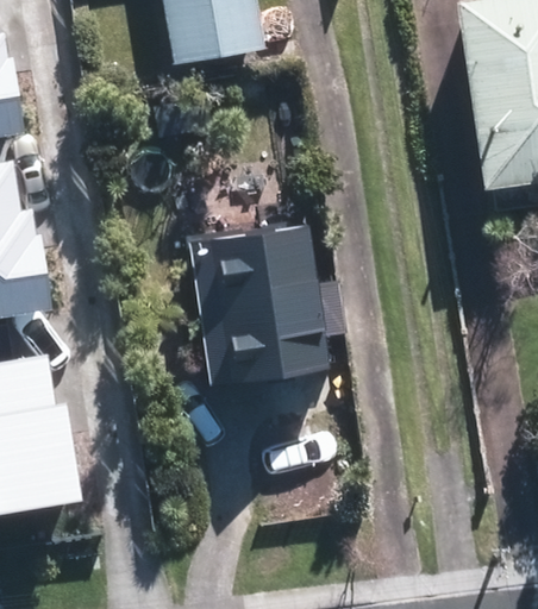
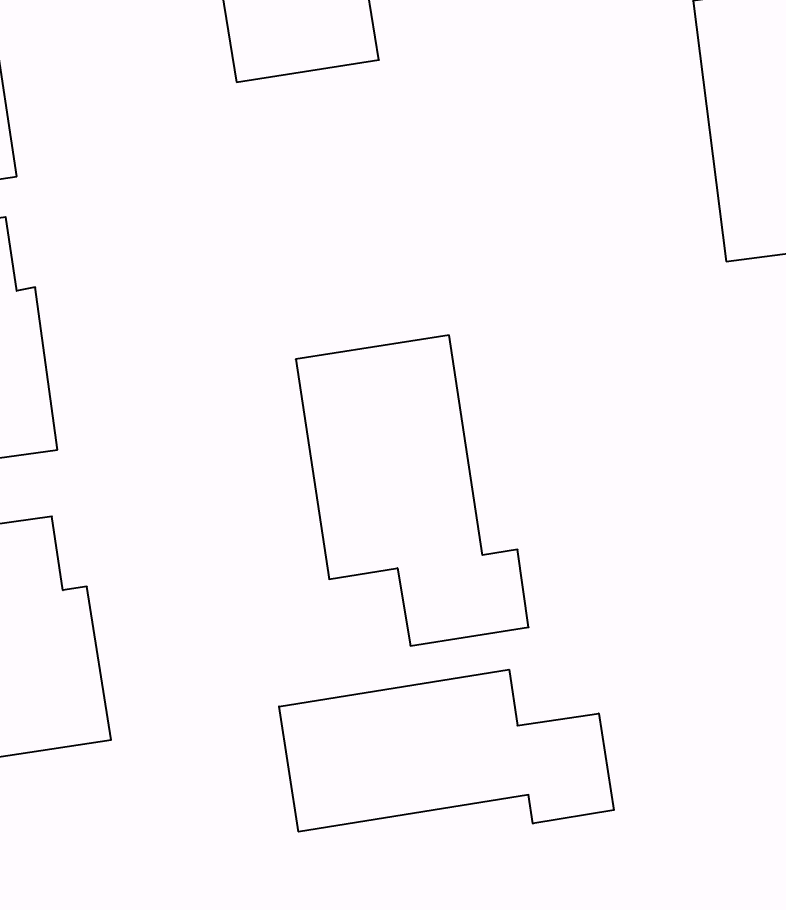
building: none -> [279,670,614,832]

